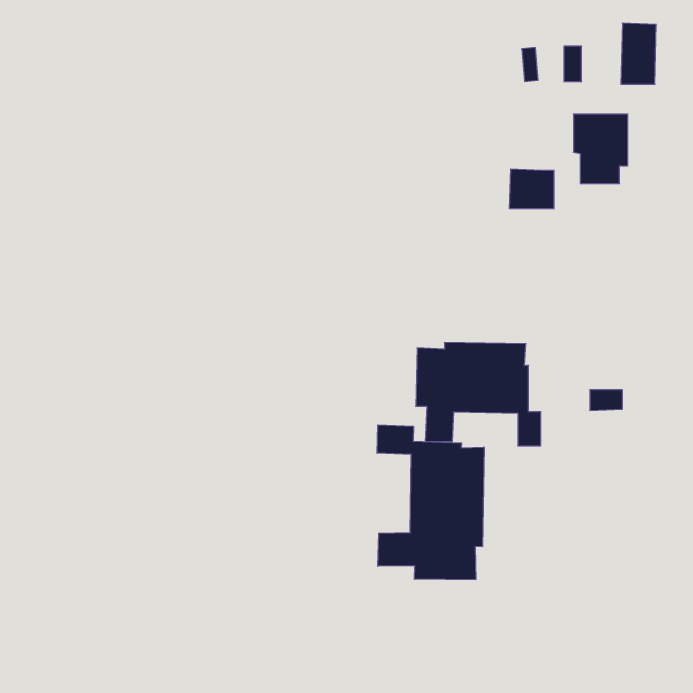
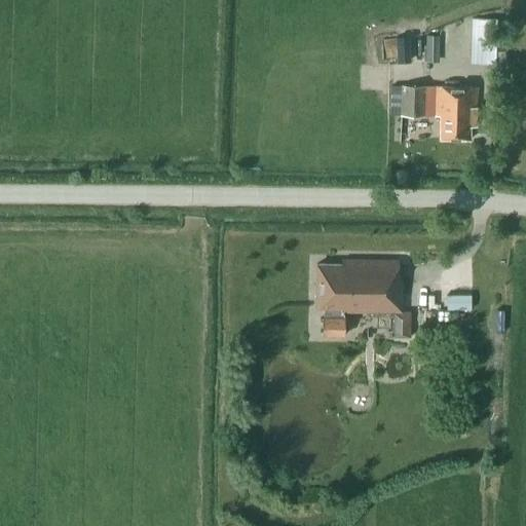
building: [509,169,554,208] -> [400,86,434,116]
building: [377,425,484,580] -> none

